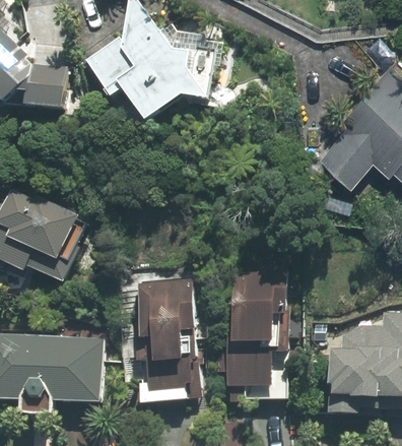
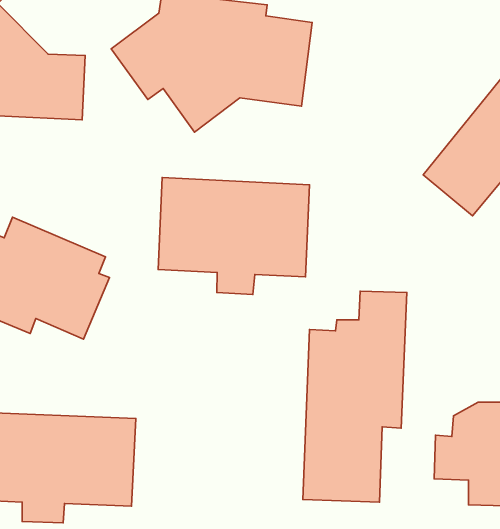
building: none -> [158,177,310,295]
building: [121,270,197,400] -> none

